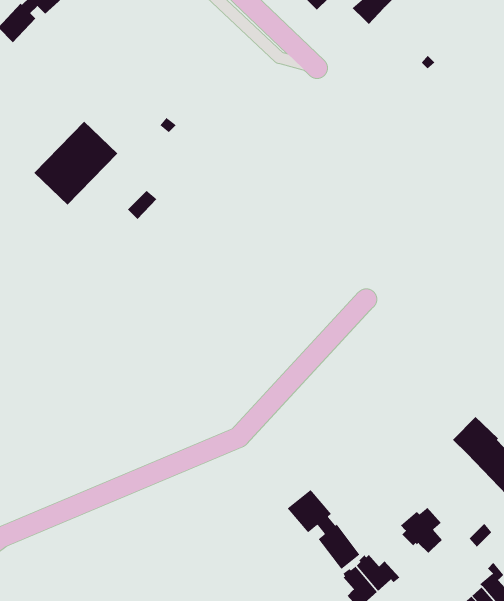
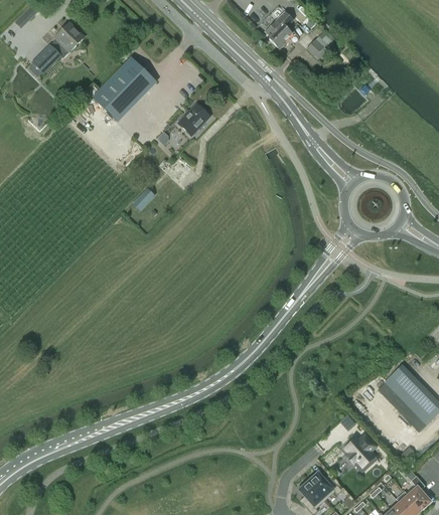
building: none -> [177,104,207,135]
building: [34,121,118,206] -> [91,56,156,122]
building: [287,489,360,570] -> none

